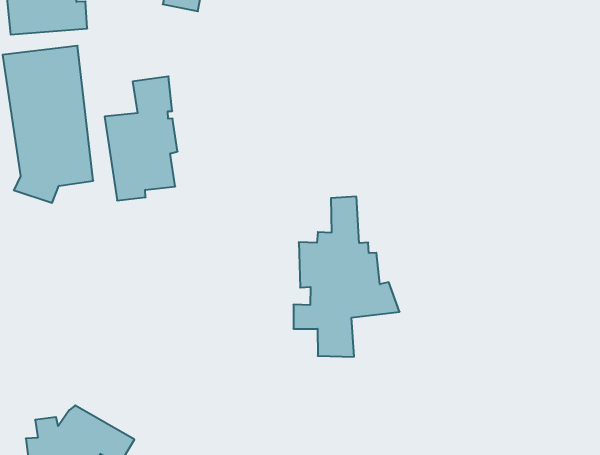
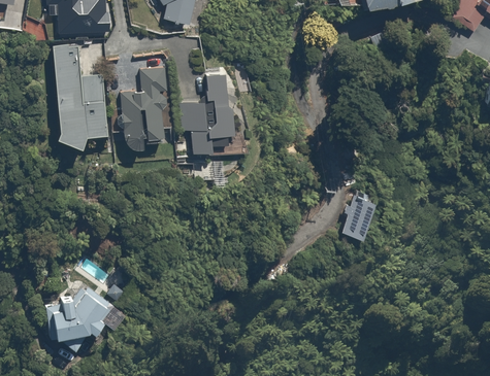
building: [293,197,400,357] -> [175,73,249,182]
building: none -> [341,198,372,238]

